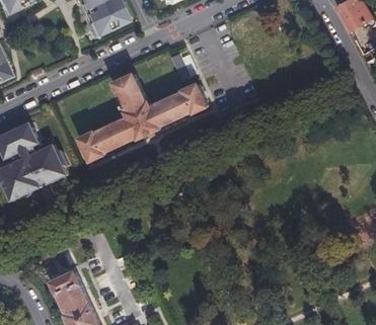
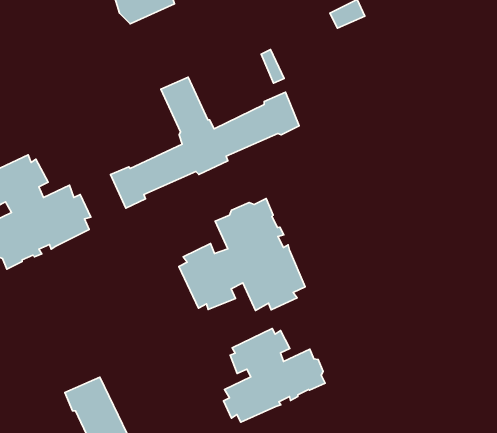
building: none -> [179,199,305,310]
building: none -> [223,329,325,422]

